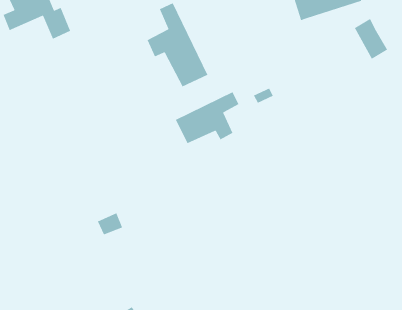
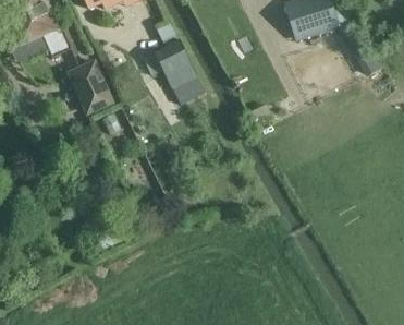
building: none -> [66,57,114,113]
building: [175,91,240,144] -> none

